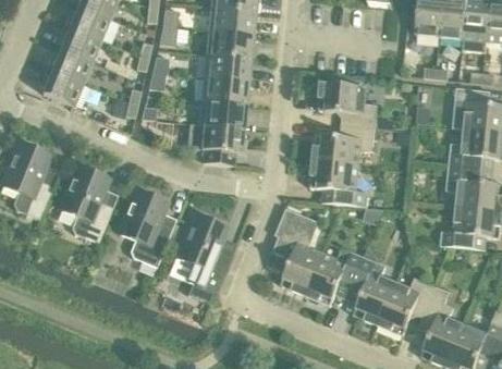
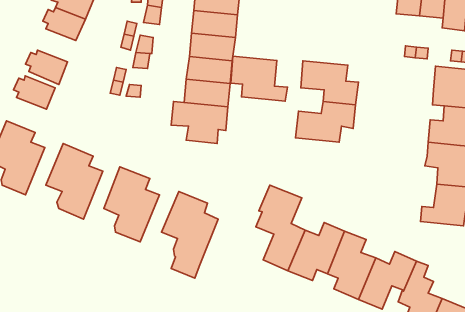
building: [47,48,89,82] -> [13,76,55,109]
building: [310,159,368,205] -> [231,56,287,101]

